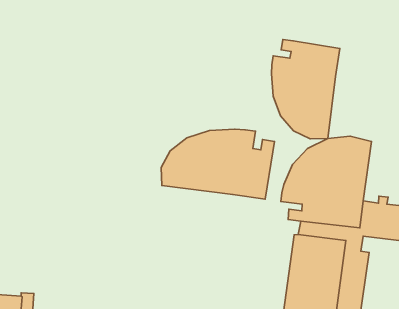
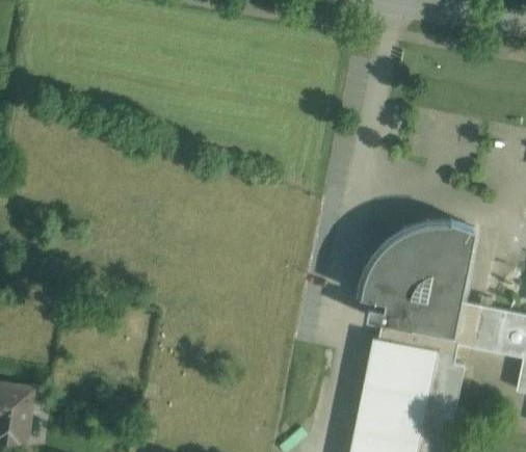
building: [271,39,340,139] -> none
building: [161,129,274,199] -> none

